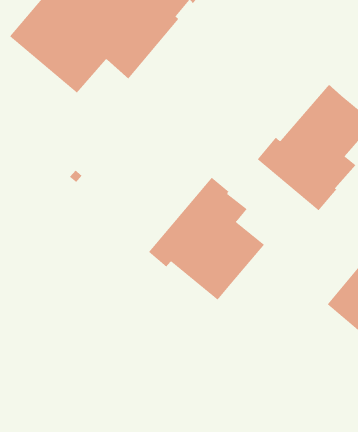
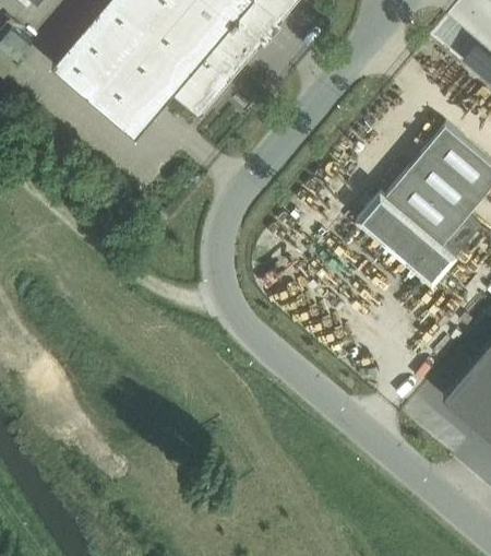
building: [148,177,265,301] -> none

